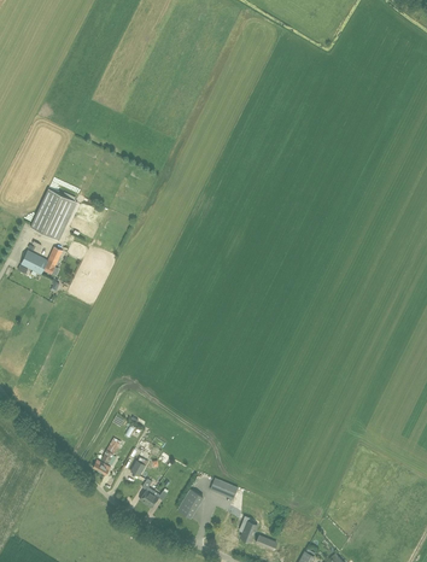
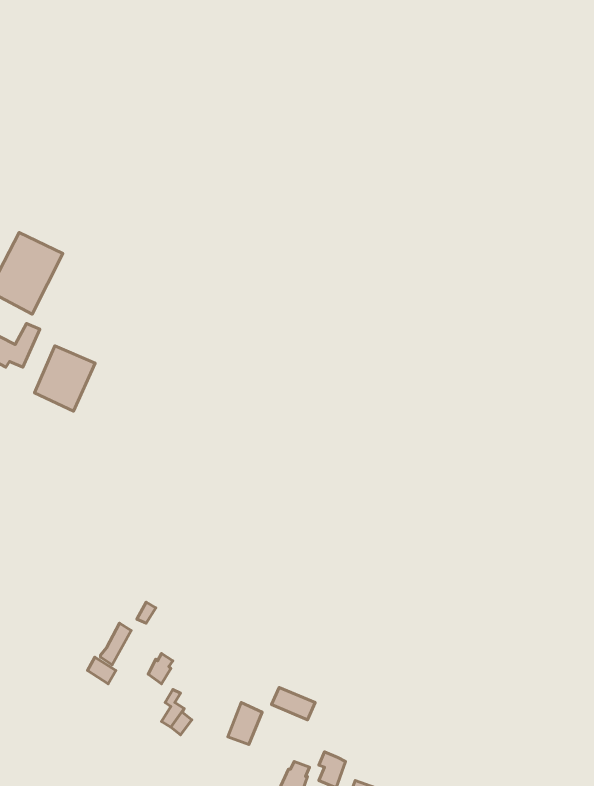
building: none -> [35,346,95,411]

